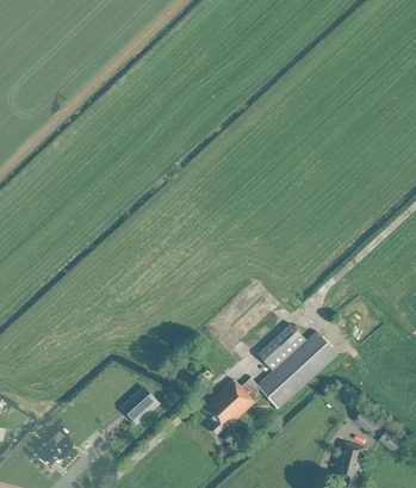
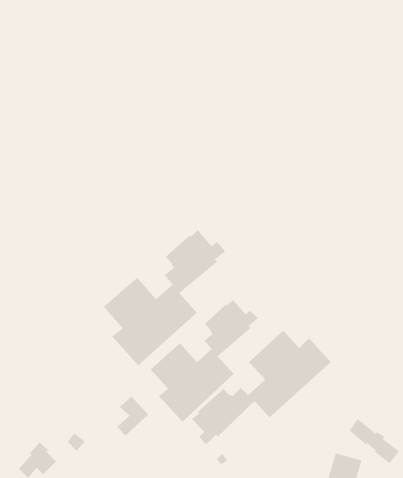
building: none -> [103,229,226,366]
building: none -> [150,299,259,422]

